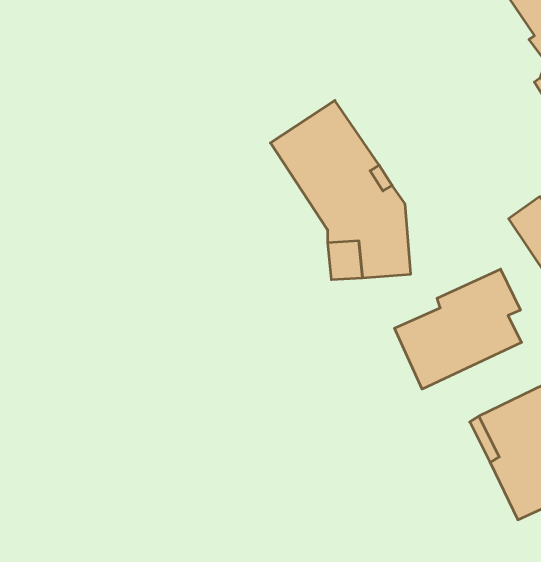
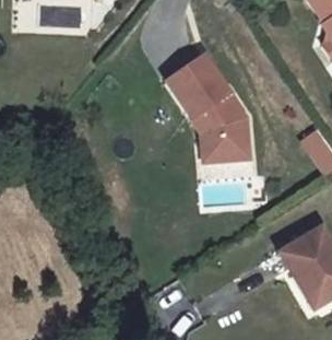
building: [395,269,522,389] -> none

